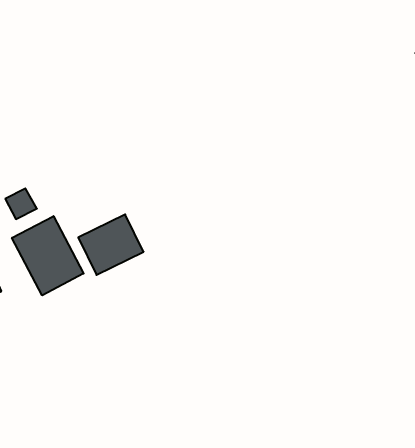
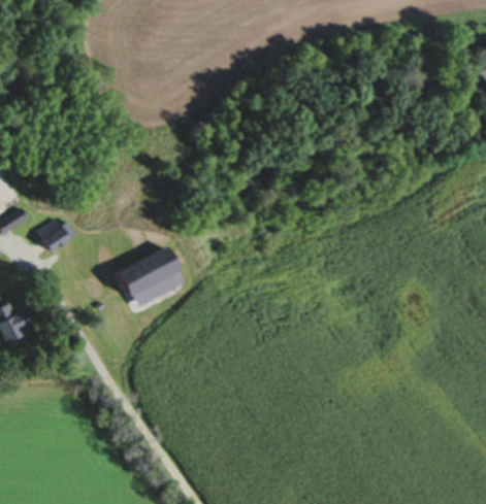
building: [12,216,84,295] -> none

